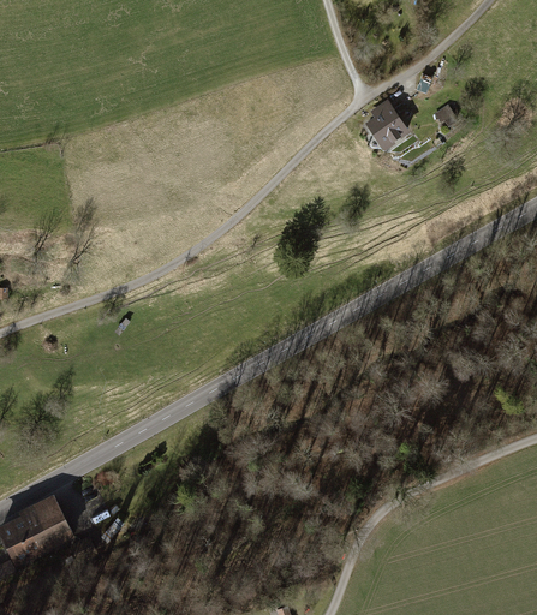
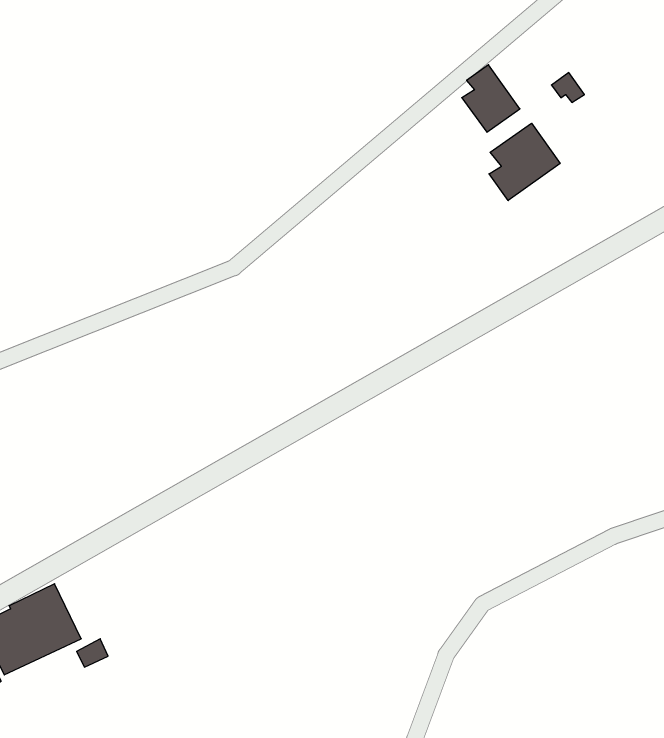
building: none -> [489,123,560,201]

